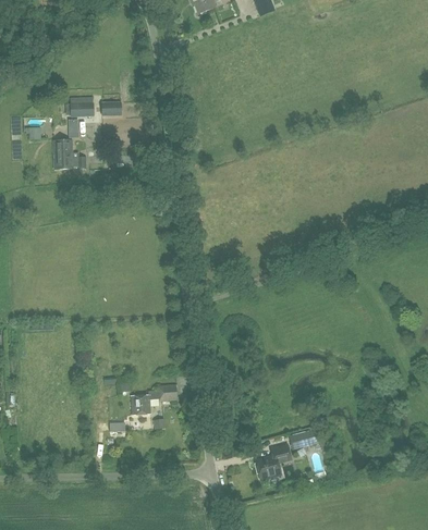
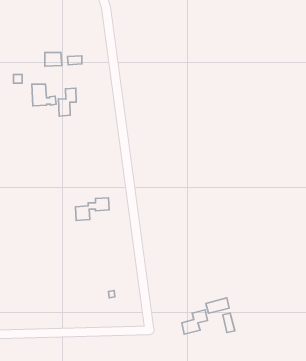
building: none -> [58,88,76,116]
building: [130,383,175,414] -> [75,198,109,220]

